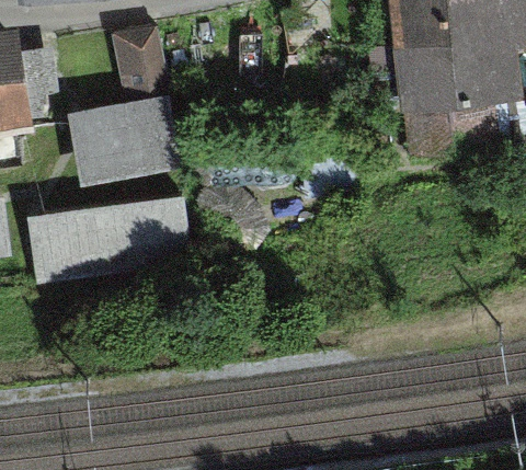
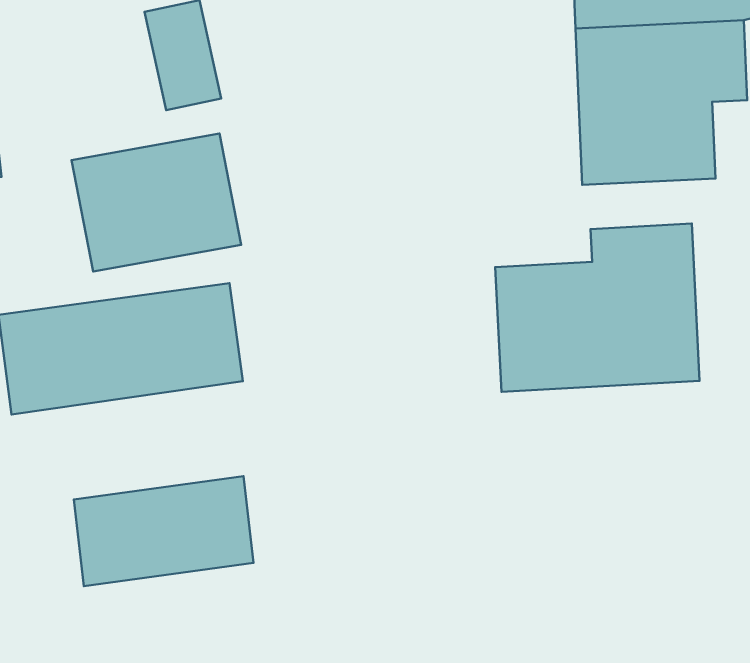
building: none -> [495,223,700,392]
building: none -> [74,476,254,586]

